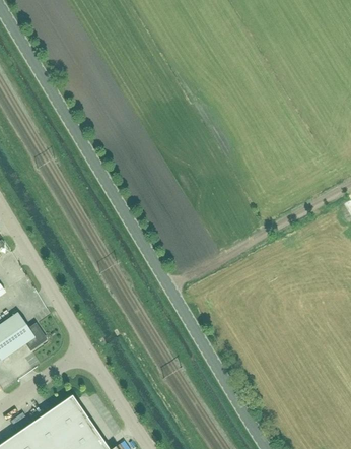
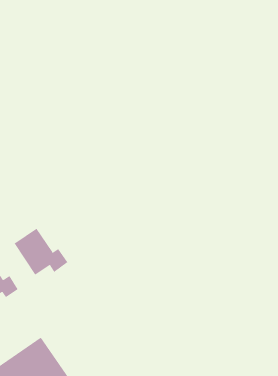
building: none -> [14,228,68,276]

